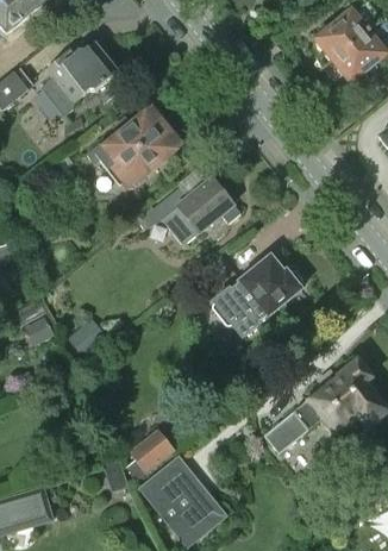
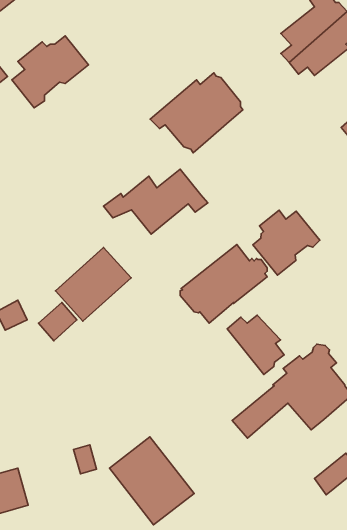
building: [86,107,181,189] -> [150,73,243,153]
building: none -> [253,210,320,275]
building: none -> [55,247,131,321]
building: none -> [227,315,284,375]
building: [124,428,177,482] -> none

